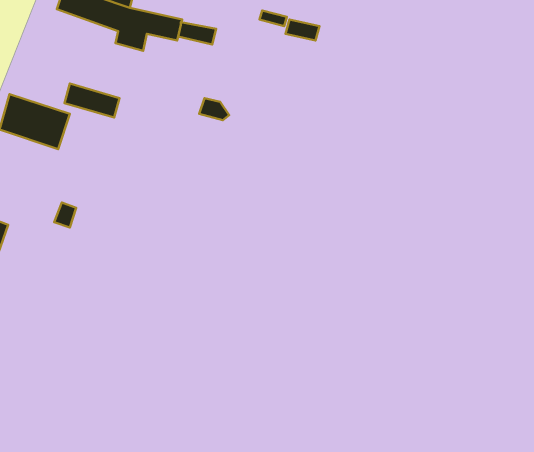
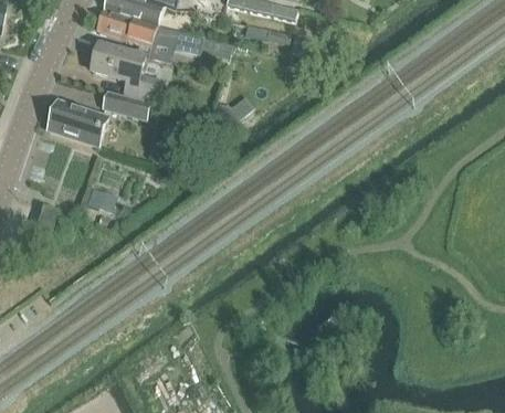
building: none -> [93,42,161,100]

